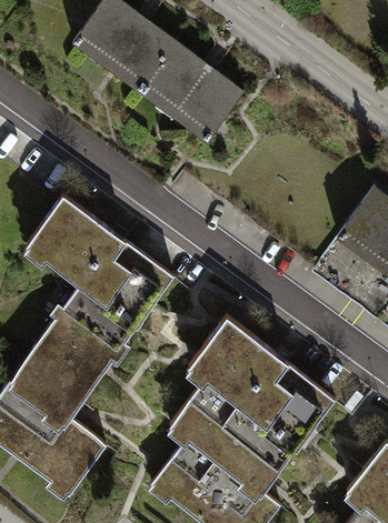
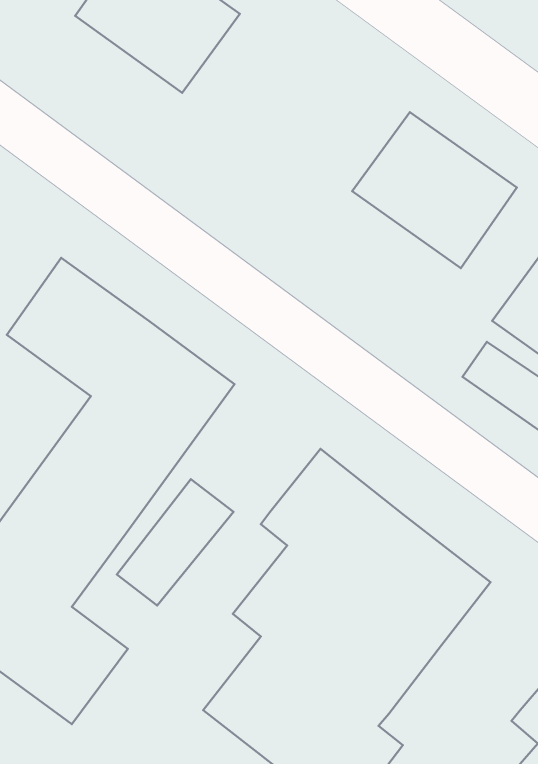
building: [139,43,243,142] -> [352,112,517,268]
building: none -> [117,479,234,606]

